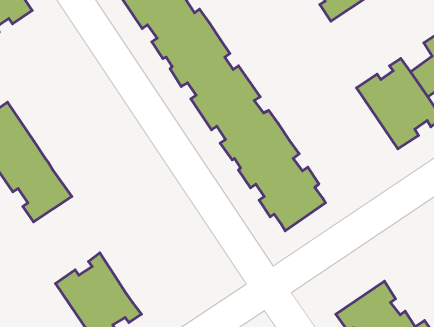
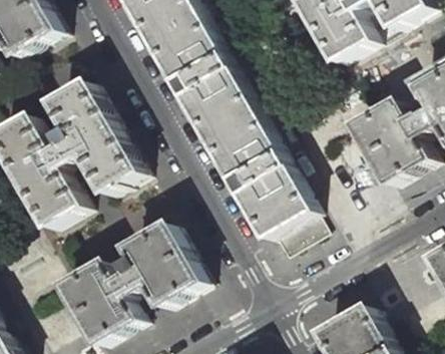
building: none -> [51,82,140,195]
building: none -> [116,224,201,309]

